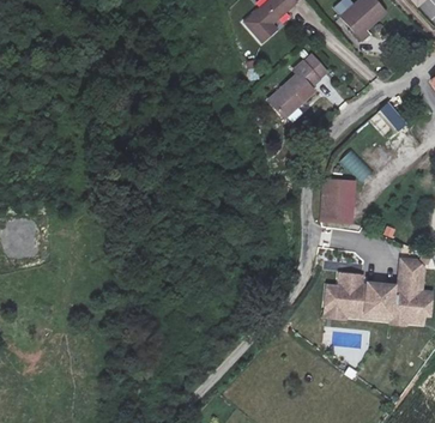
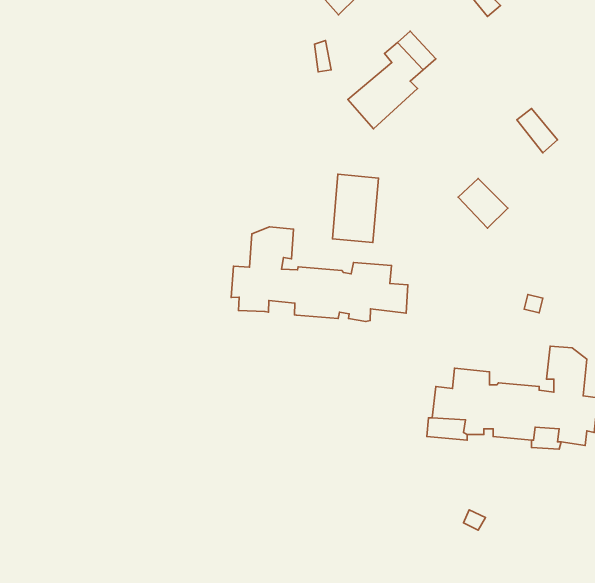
building: [324,179,354,223] -> [332,174,378,242]
building: none -> [231,227,408,322]

